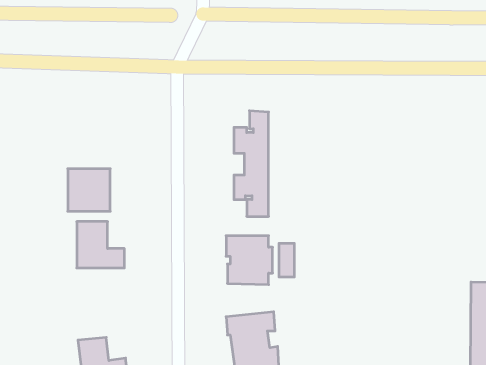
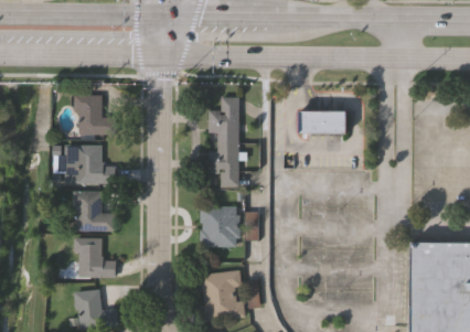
building: none -> [76,95,116,133]
building: none -> [296,109,345,132]
building: none -> [74,237,115,277]

